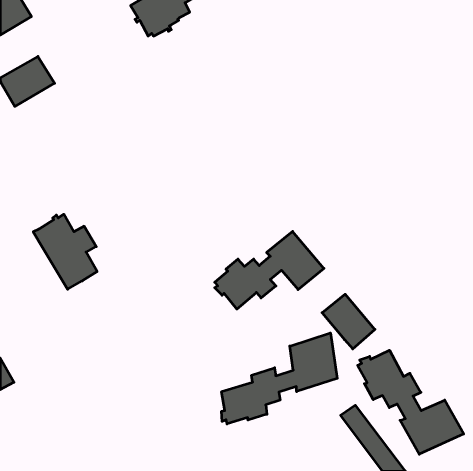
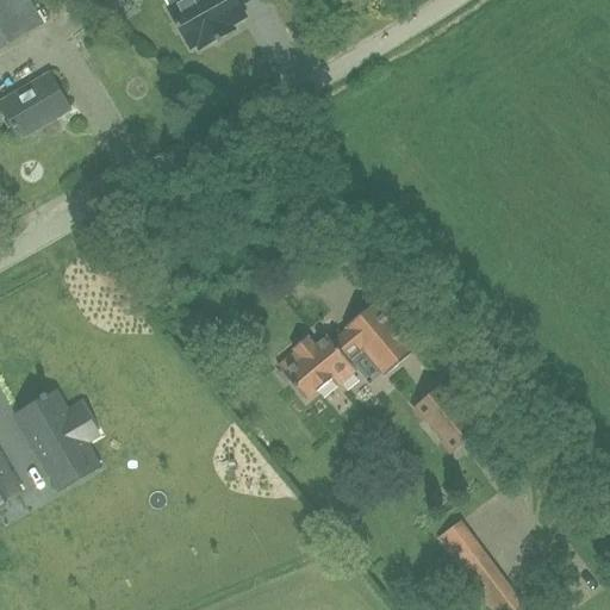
building: [33,214,97,289] -> [15,391,98,487]
building: [222,333,337,424] -> none
building: [358,350,464,454] -> none

